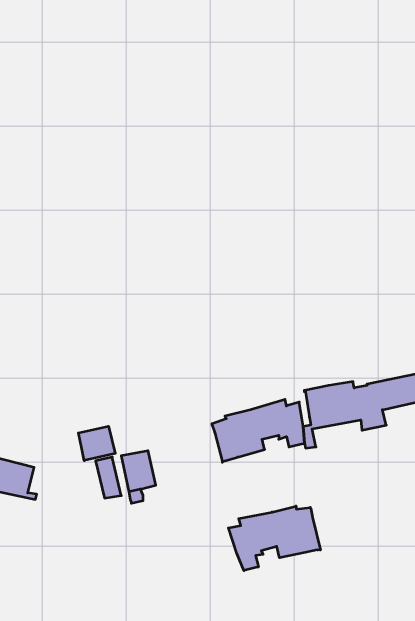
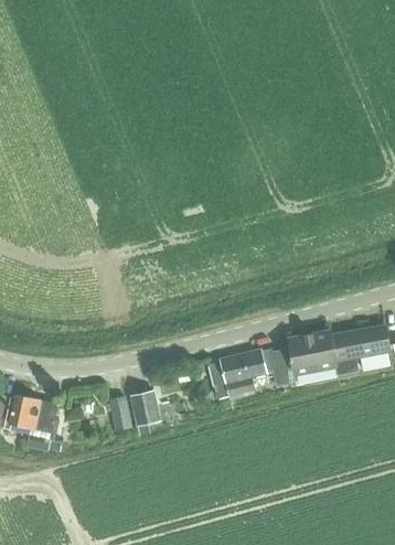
building: [78,426,115,461] -> none
building: [228,506,320,571] -> none

